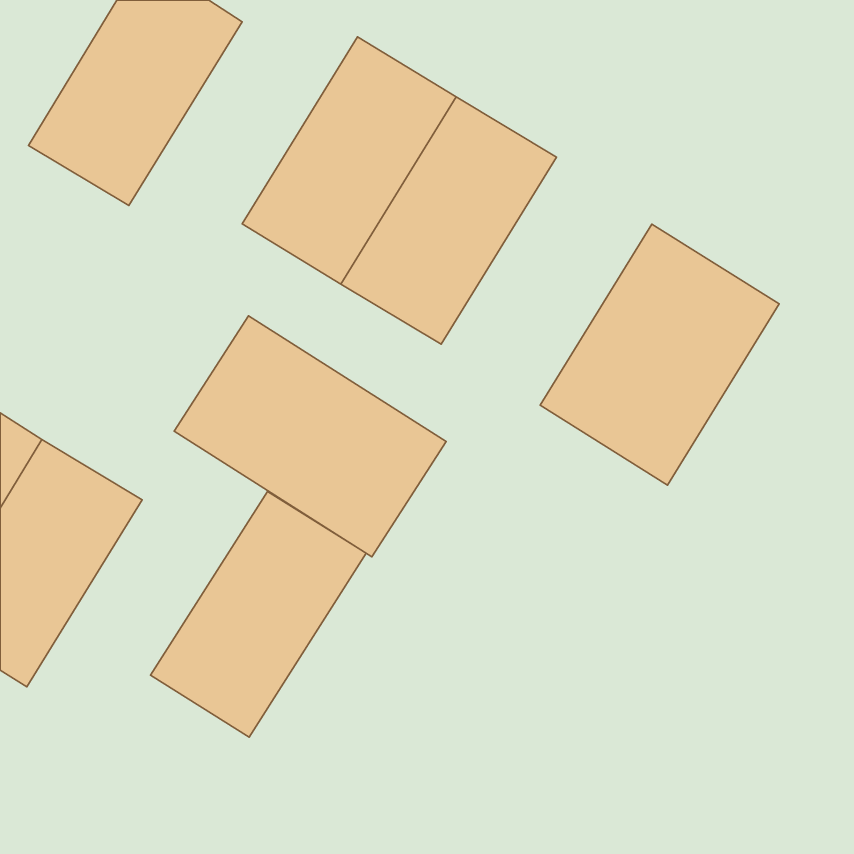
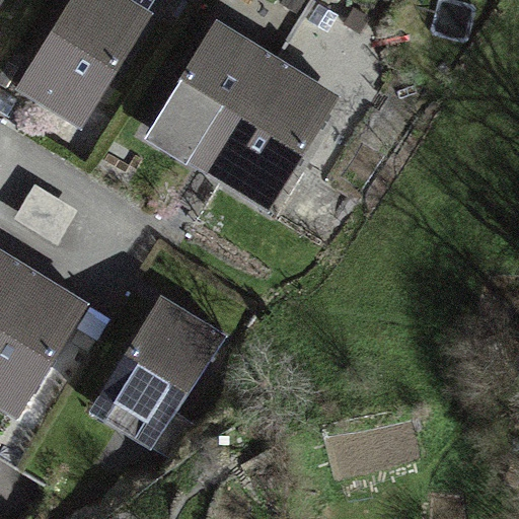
building: [540,224,779,485] -> none
building: [174,316,446,557] -> none

